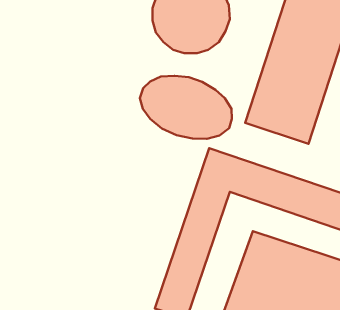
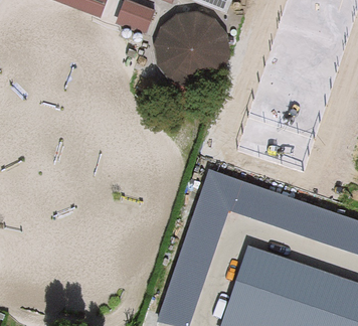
building: [140,76,232,139] -> none

